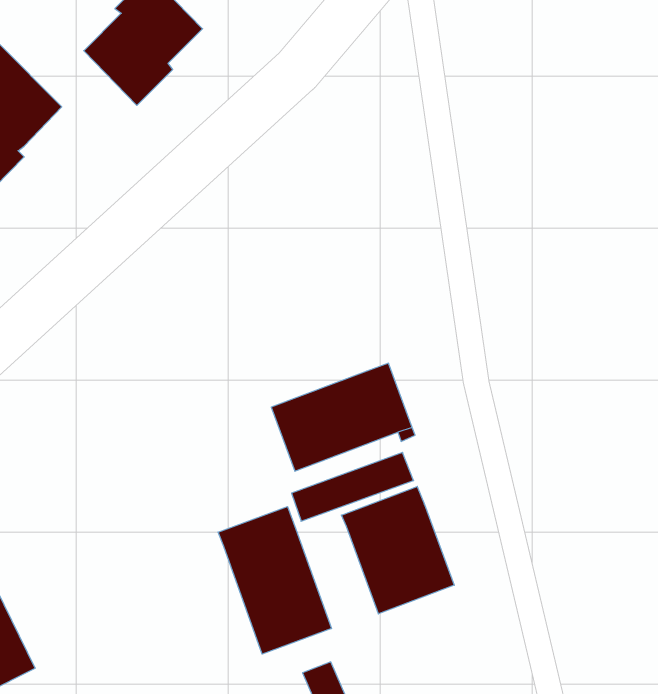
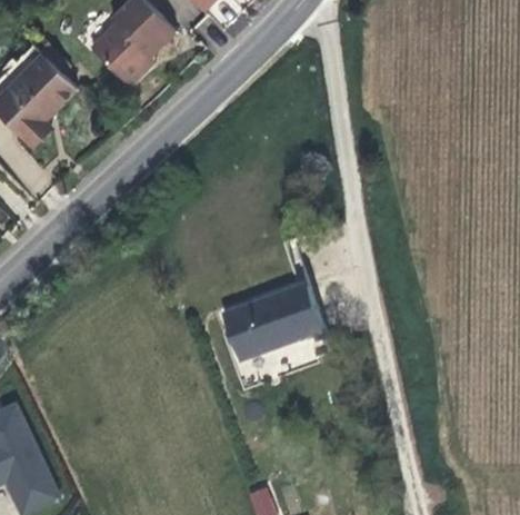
building: [341,486,454,614] -> none
building: [218,507,331,654] -> none

